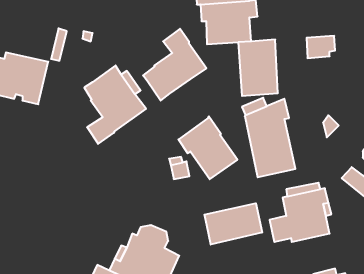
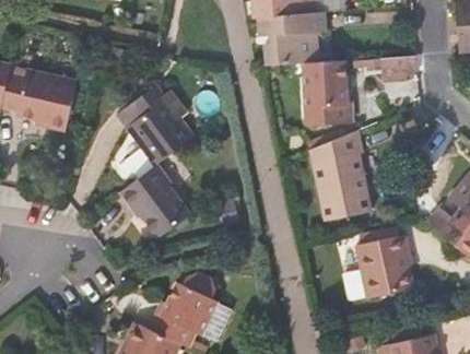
building: [143,29,206,101] -> none
building: [178,116,237,179] -> [120,164,190,238]
building: [204,203,262,245] -> none

